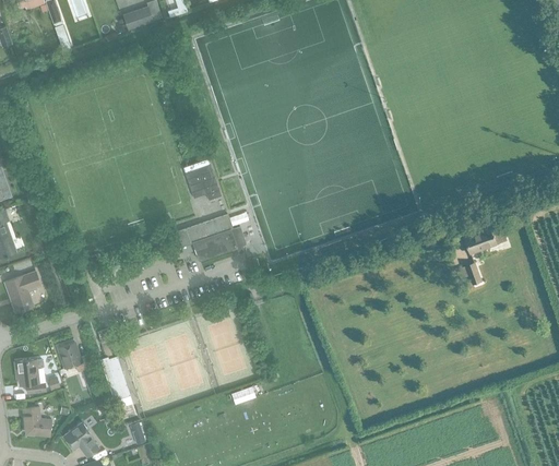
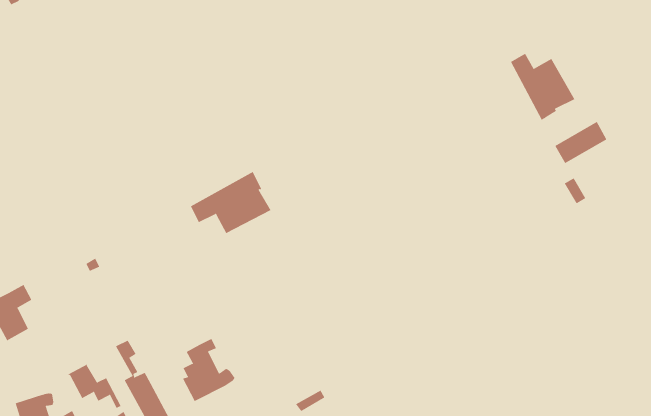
building: none -> [510,53,575,121]
building: [183,170,219,206] -> none
building: none -> [182,338,235,402]

